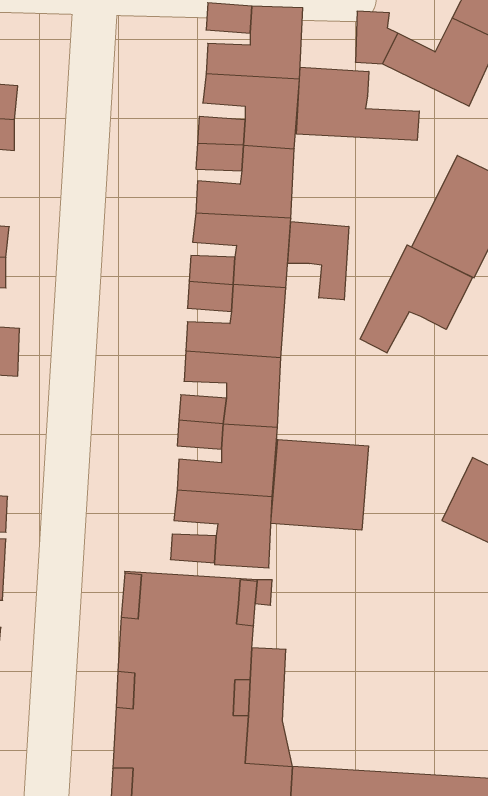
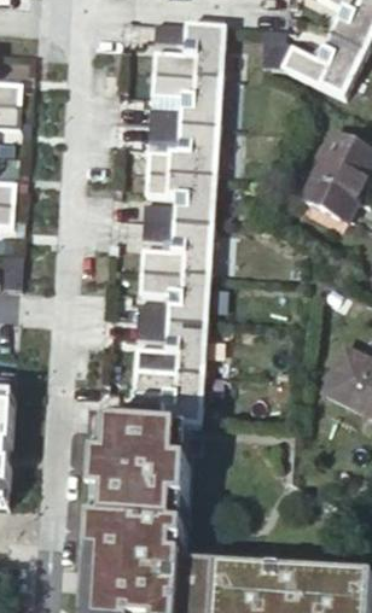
building: [297,67,419,140] -> none
building: [288,222,349,300] -> none
building: [360,245,472,353] -> none
building: [271,439,368,530] -> none

